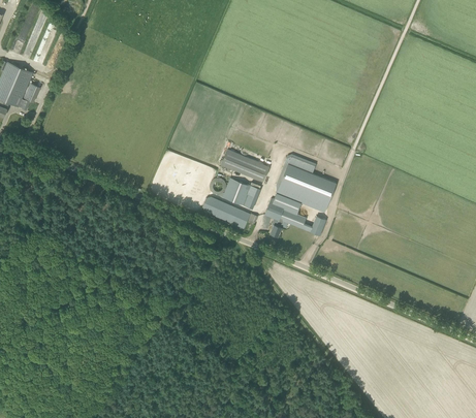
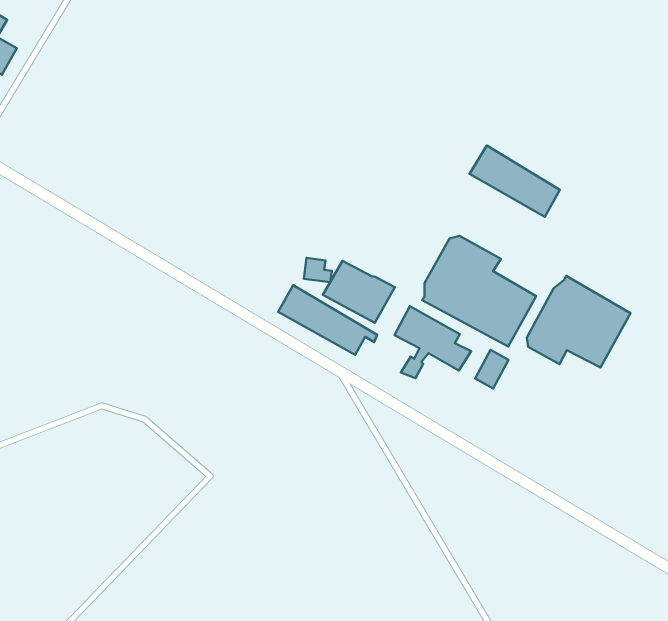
building: [220,148,269,182] -> [470,146,560,217]
building: none -> [527,276,630,368]

